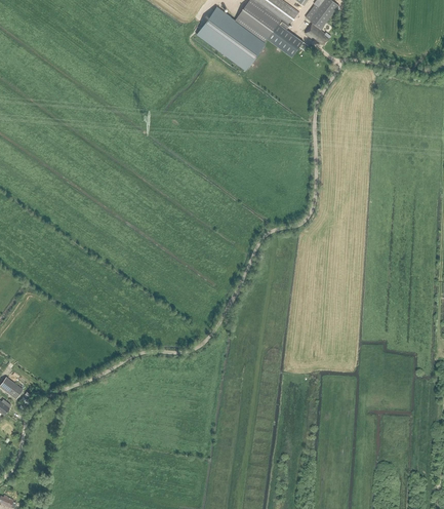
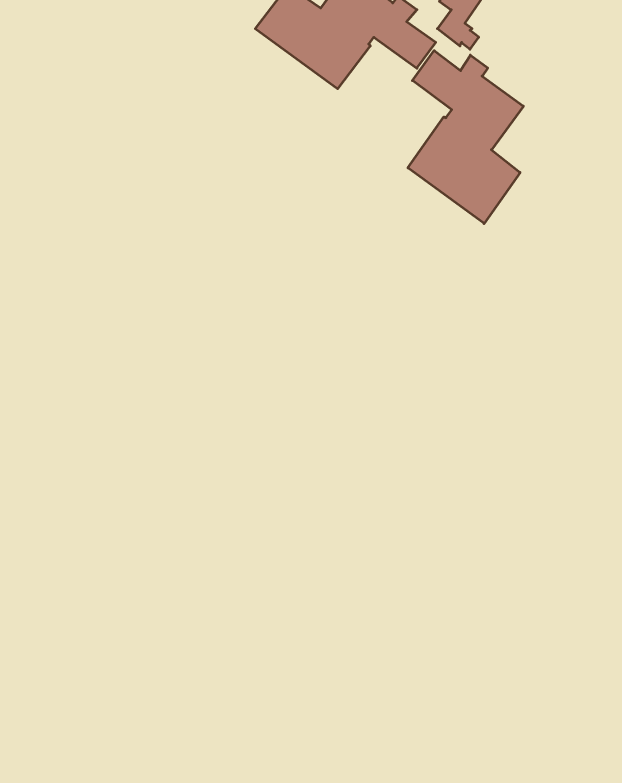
building: none -> [408,51,523,224]

